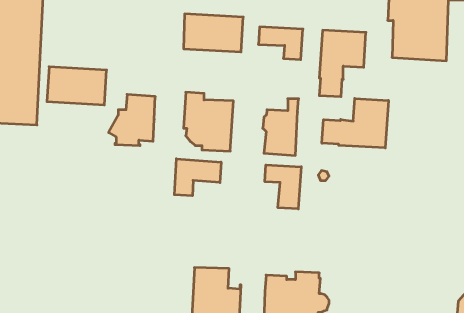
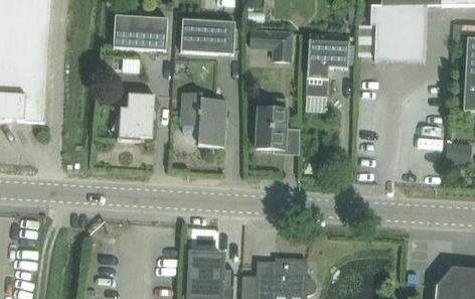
building: [47,67,107,105] -> [112,15,167,50]
building: [322,98,388,148] -> none
building: [174,159,221,196] -> none
building: [265,165,301,209] -> none

